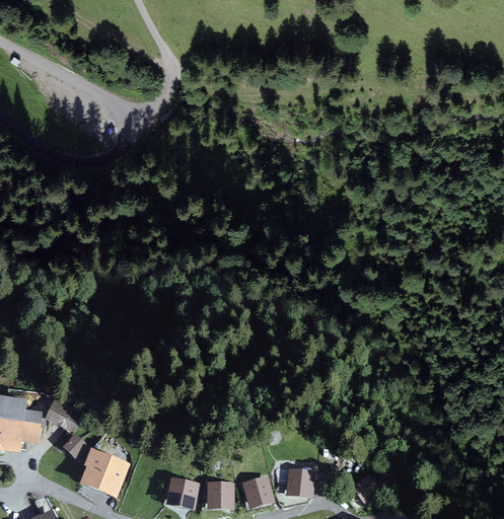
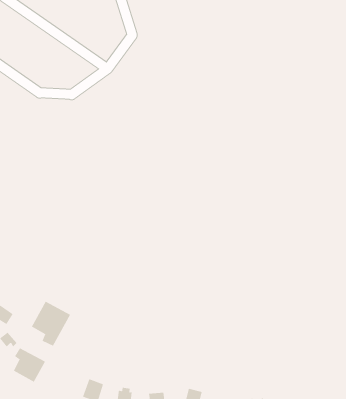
building: none -> [31,301,71,346]

